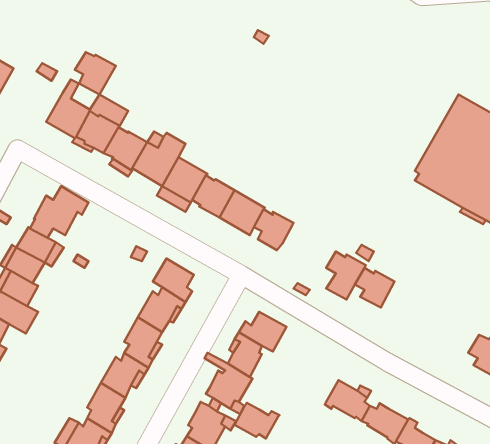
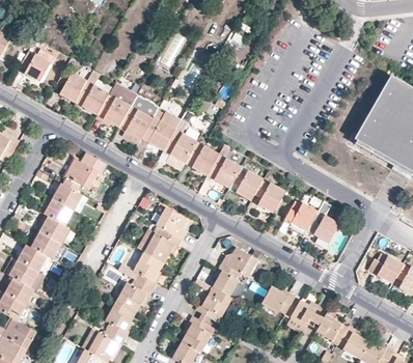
building: [75,52,116,95] -> [56,69,87,102]
building: none -> [254,180,284,212]
building: none -> [368,252,404,282]
building: [234,403,280,438] -> [264,287,298,314]

